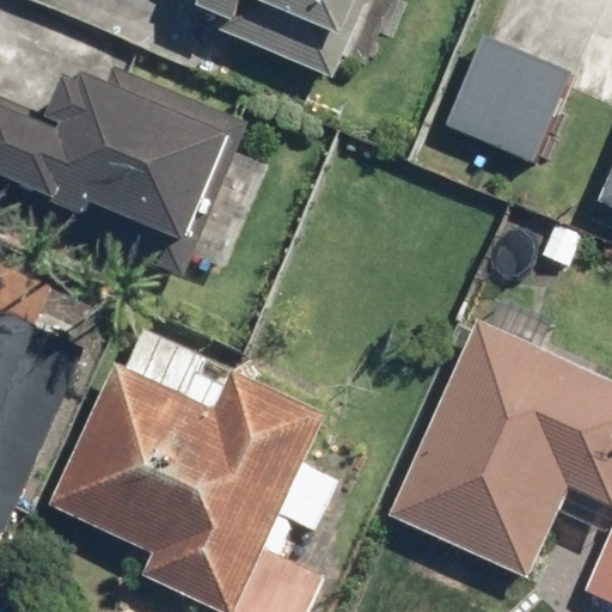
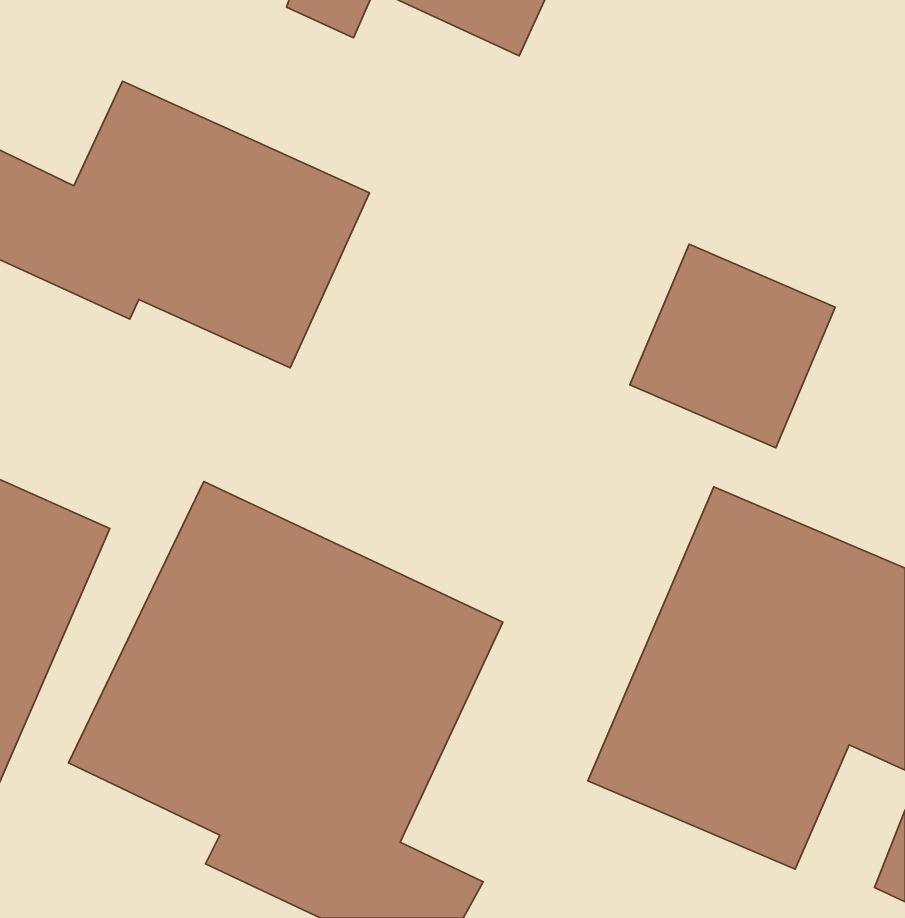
building: [439,33,575,169] -> [630,244,835,448]

